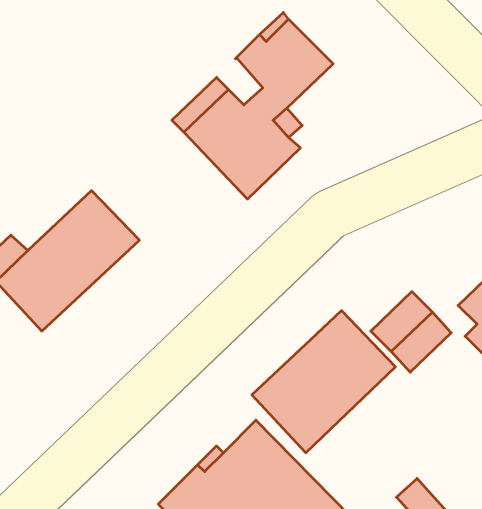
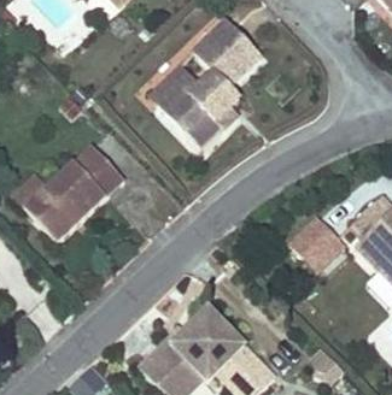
building: [252,311,395,453] -> none

